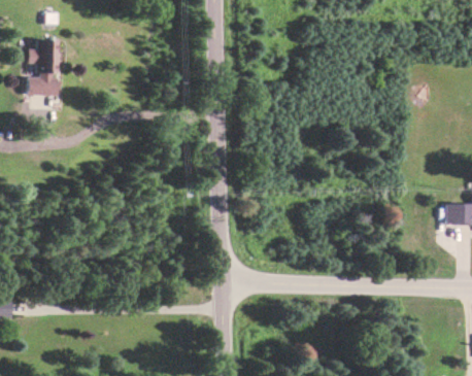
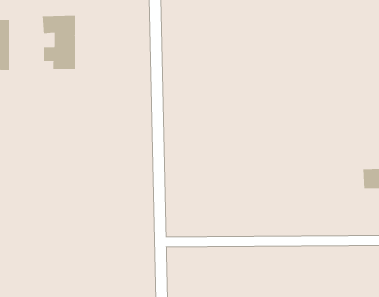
building: none -> [42,15,75,70]

